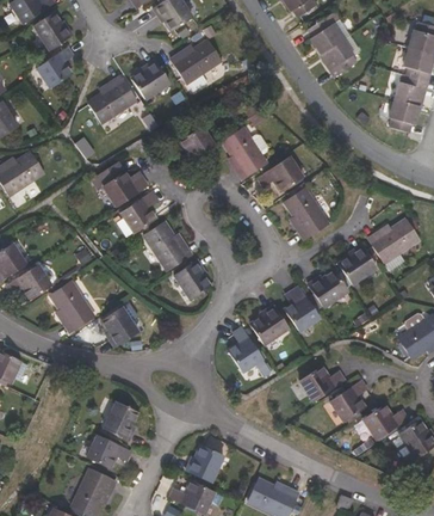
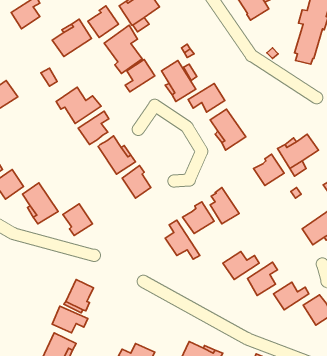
building: none -> [104,25,142,73]
building: [308,269,347,306] -> none
building: [186,444,224,481] -> none

